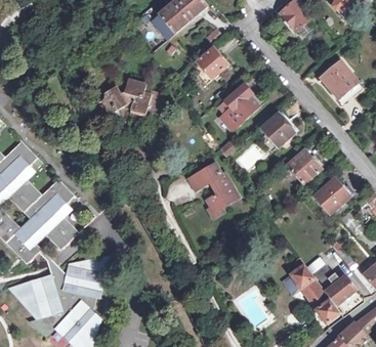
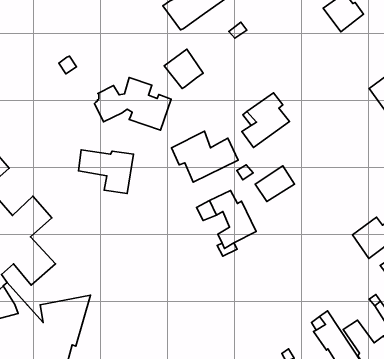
building: [196,46,227,78] -> [164,49,203,88]
building: [260,111,297,147] -> none
building: none -> [171,131,238,182]
building: none -> [79,150,133,193]
building: [288,149,321,183] -> none

